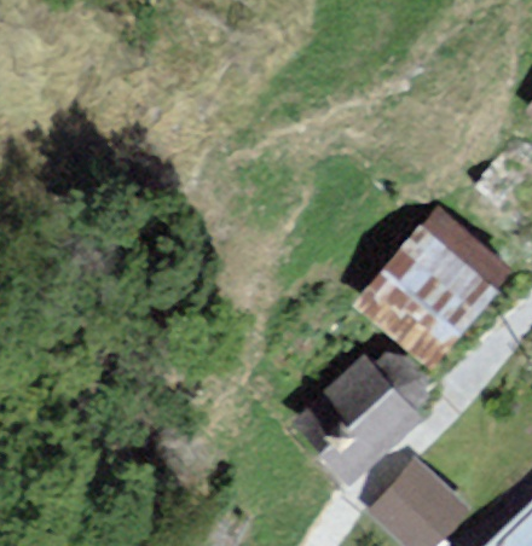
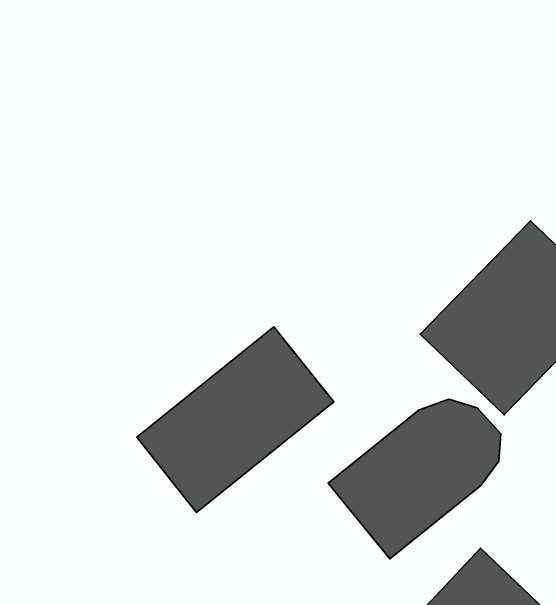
building: none -> [137,327,334,512]

